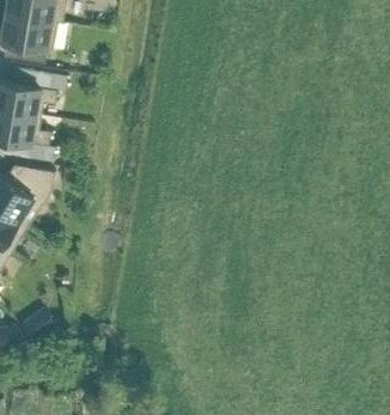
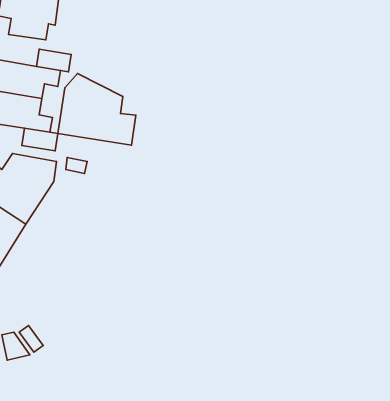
building: none -> [58,73,136,145]

